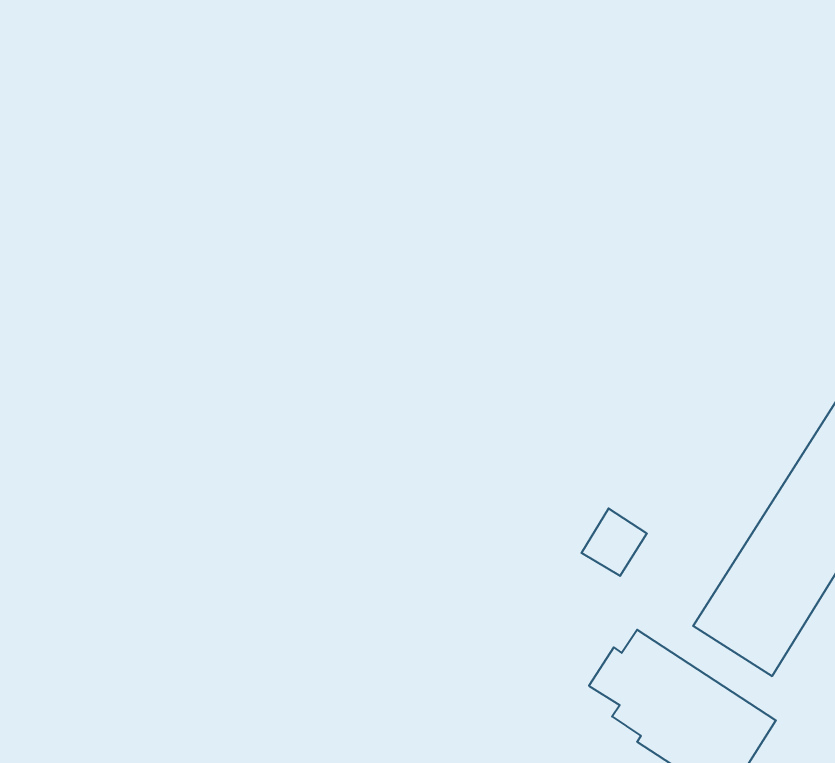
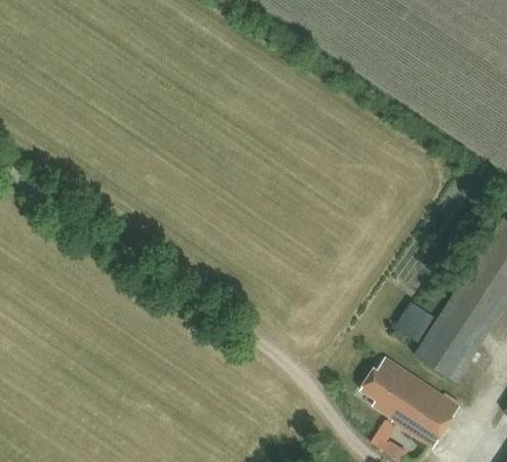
building: [581,508,647,576] -> [396,303,431,339]

